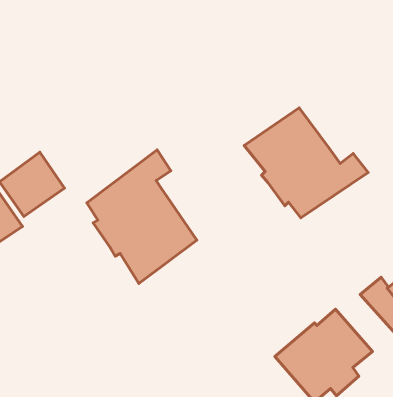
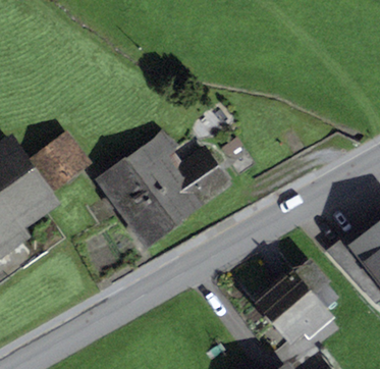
building: [244,108,368,218] -> none
building: none -> [171,150,227,207]

